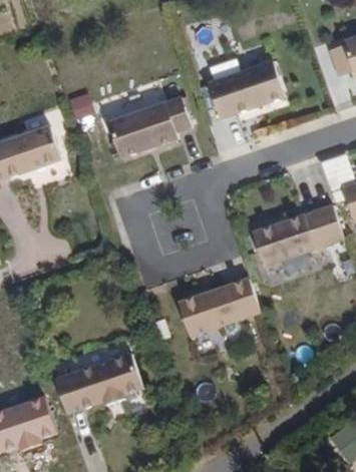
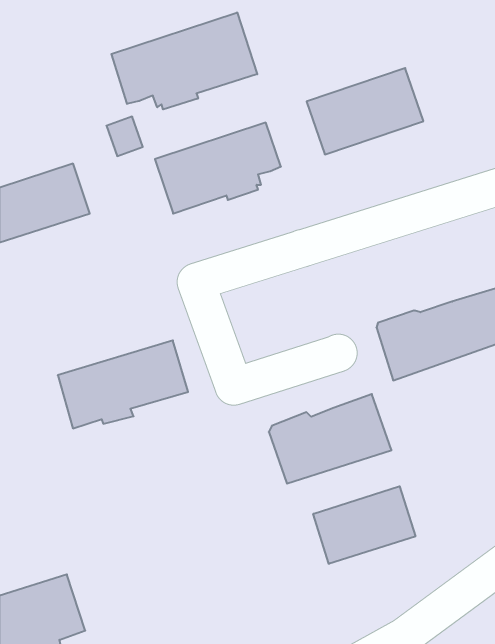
building: none -> [111,12,257,109]
building: none -> [313,486,415,564]
building: [56,354,142,412] -> [58,340,188,428]

